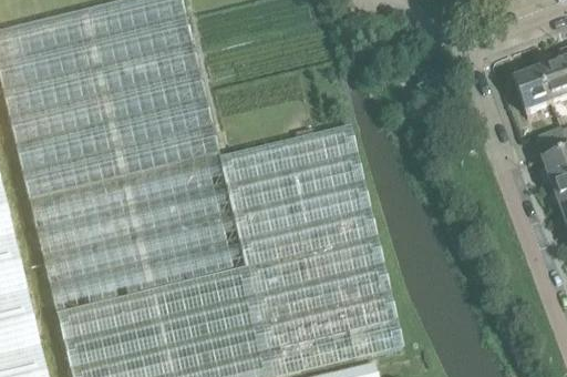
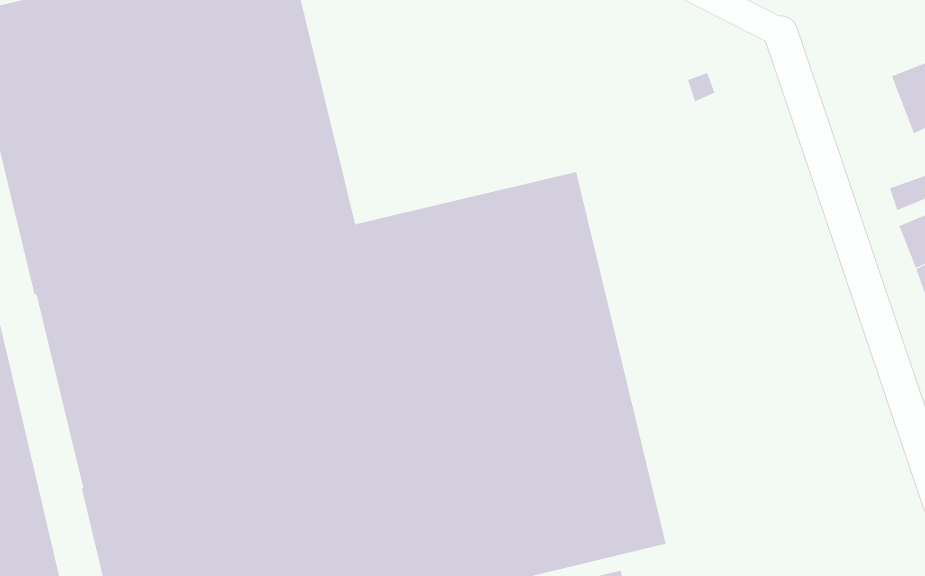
building: [512,68,550,111] -> none

